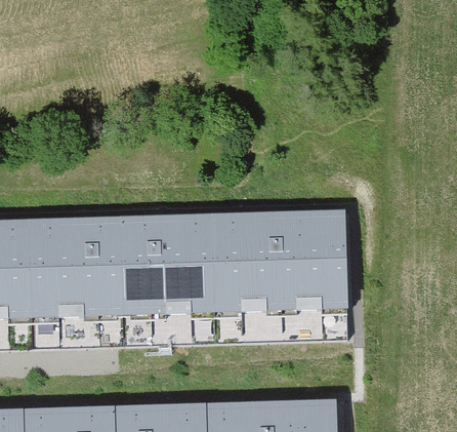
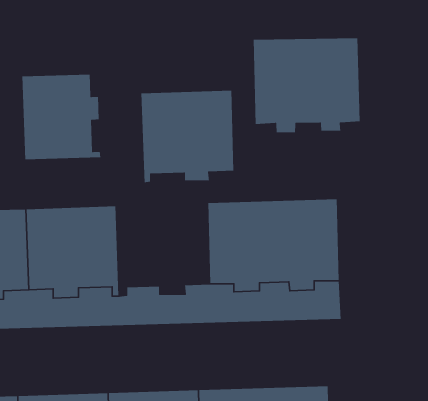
building: none -> [253,37,360,133]
building: none -> [22,74,101,160]
building: [121,213,215,308] -> [141,90,234,183]

